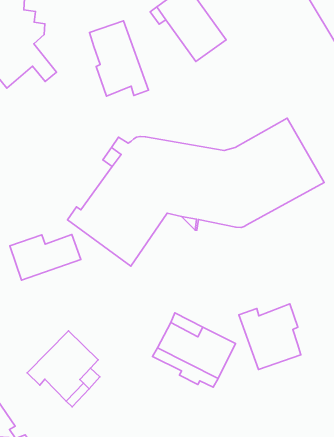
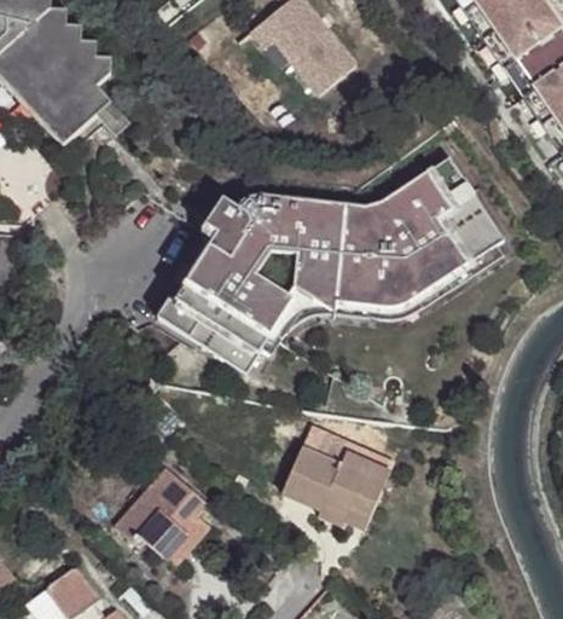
building: [89,21,148,96] -> none
building: [10,235,81,280] -> none
building: [239,304,301,370] -> none

